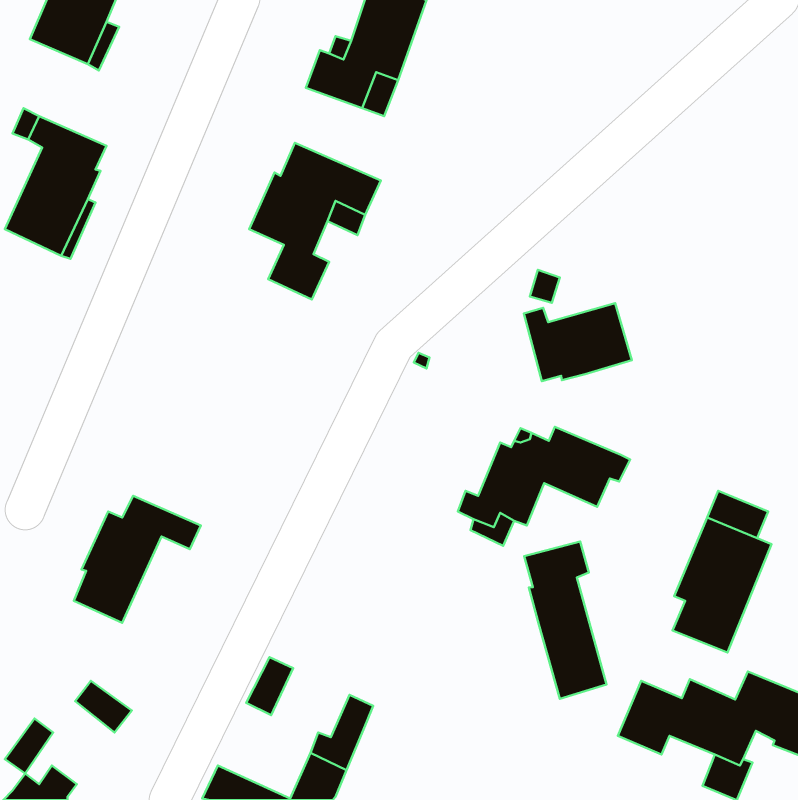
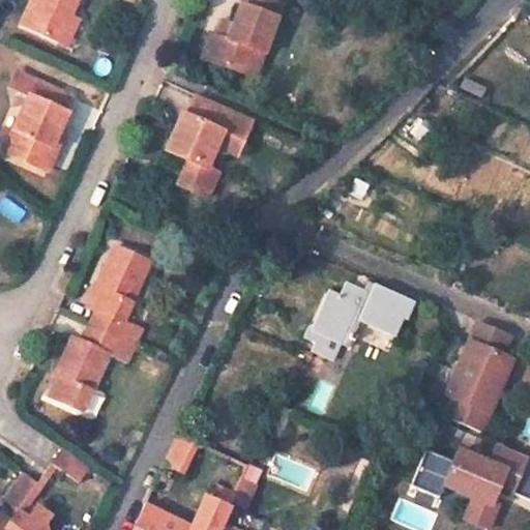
building: [524,303,632,381] -> none
building: none -> [90,245,151,347]
building: [524,541,607,699] -> none

